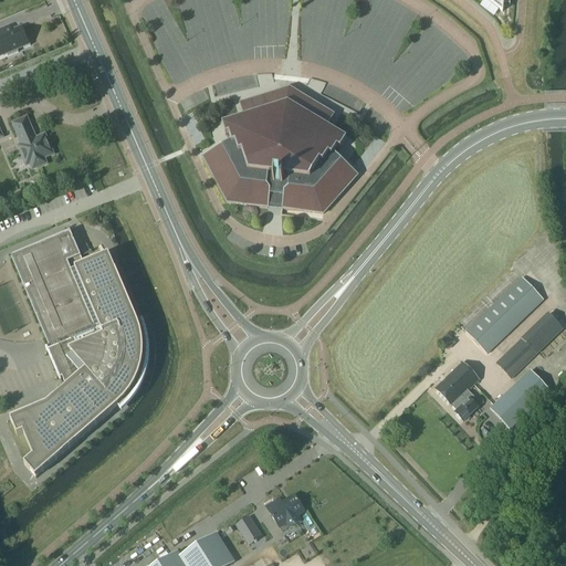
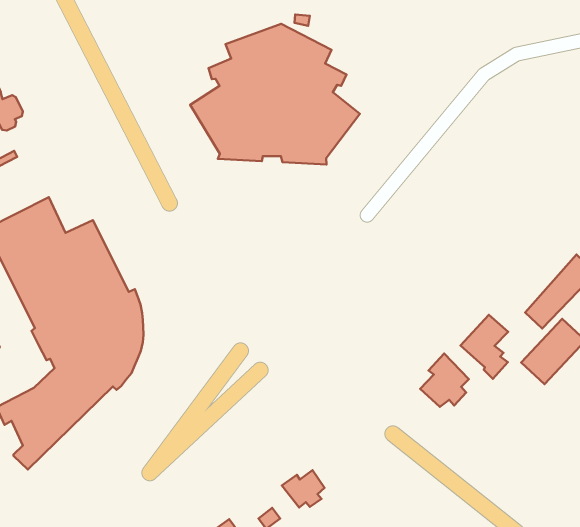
building: [465,275,544,352] -> none
building: none -> [420,354,469,407]

